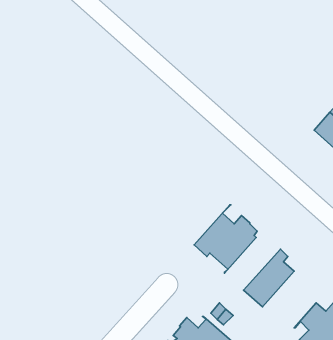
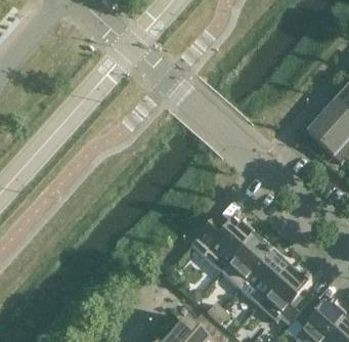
building: none -> [221,237,275,288]
building: none -> [258,268,312,325]

